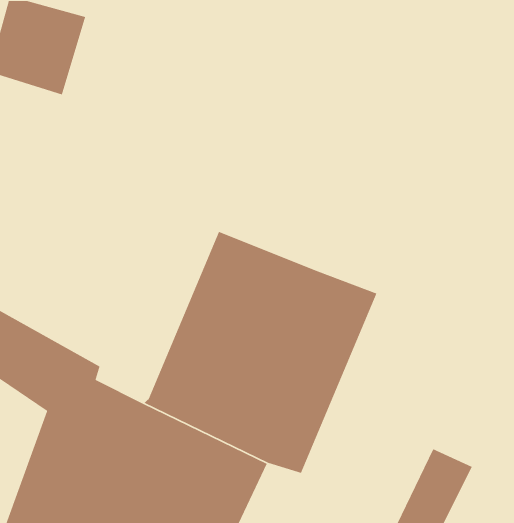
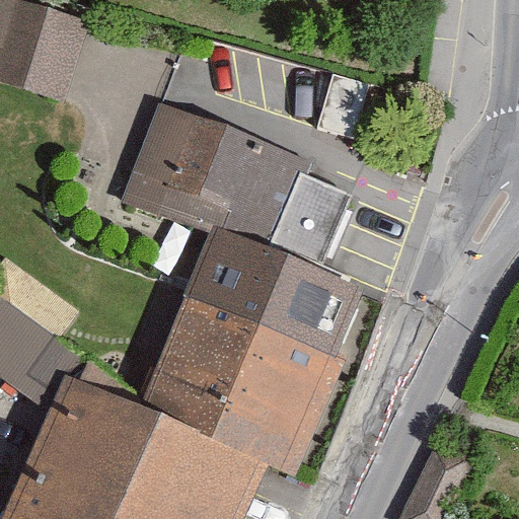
building: none -> [118,104,340,268]

